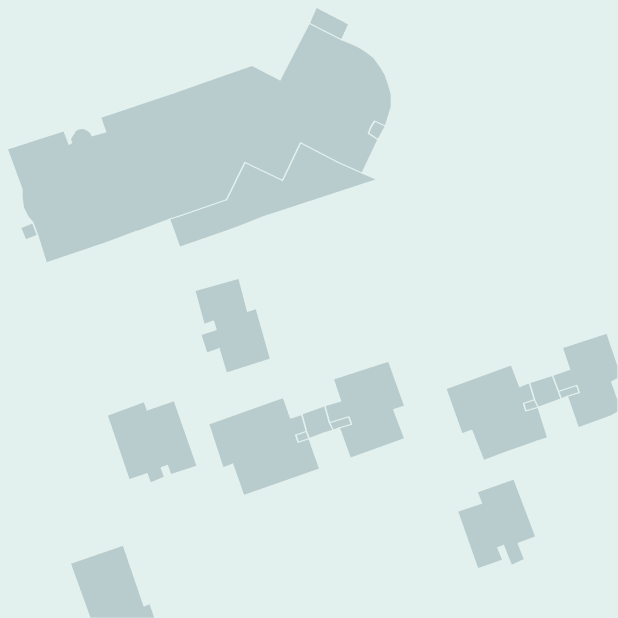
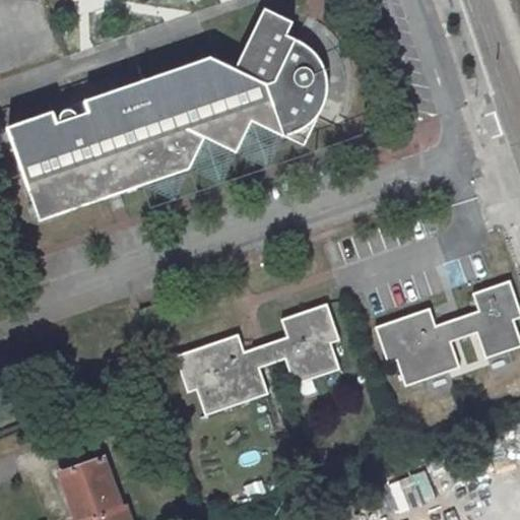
building: [195,278,271,373] -> none
building: [107,400,197,483] -> none
building: [457,479,536,569] -> none

